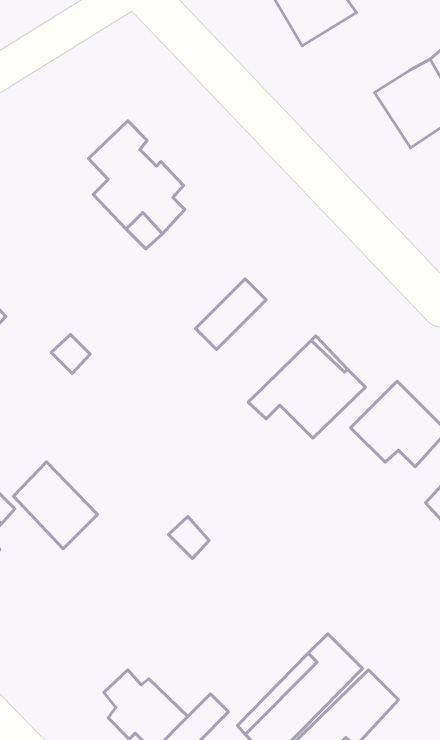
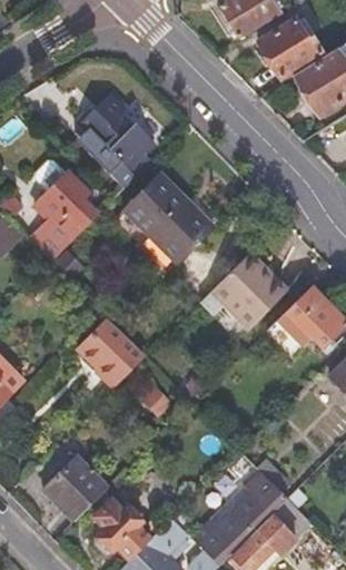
building: none -> [258,16,319,79]
building: none -> [27,171,92,261]
building: none -> [123,173,197,246]
building: [13,462,98,549] -> [78,322,140,386]
building: none -> [43,456,106,519]

